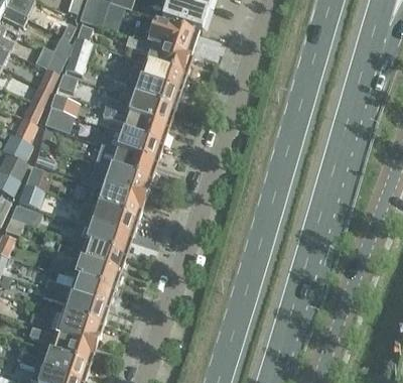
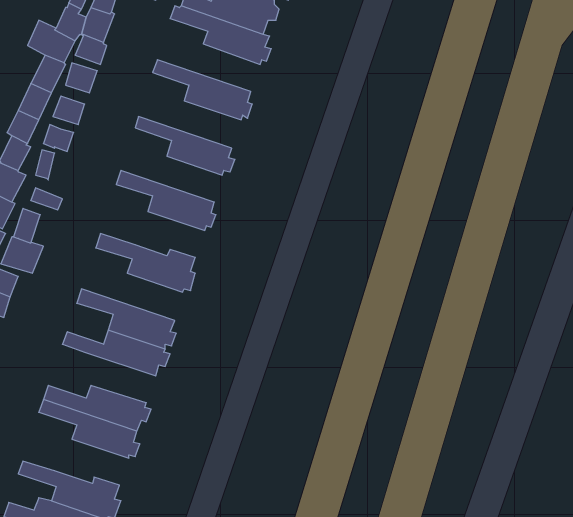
building: [117,60,185,91] -> none
building: [105,97,173,127] -> none
building: [94,132,161,161] -> none
building: [82,167,150,197] -> none
building: [69,207,136,237] -> none
building: [64,257,117,289] -> none
building: [29,312,102,342] -> none

